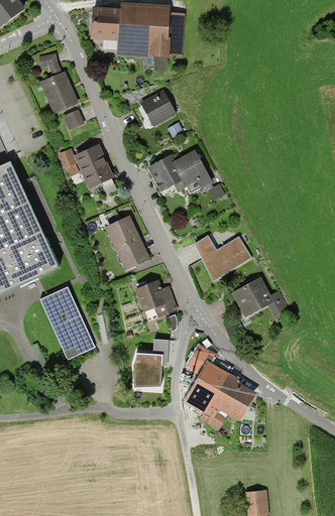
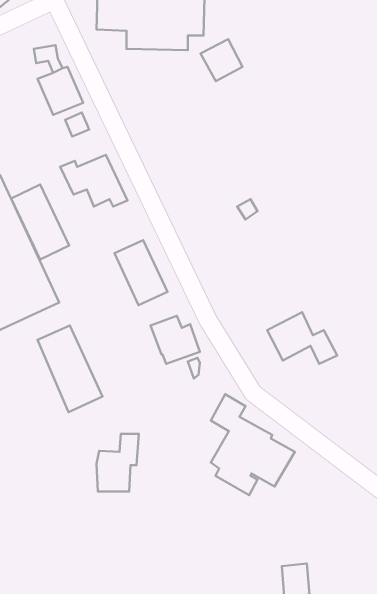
building: [140,89,176,124] -> [200,39,242,81]
building: [143,151,209,195] -> none
building: none -> [11,184,69,259]
building: [192,236,246,278] -> none
building: [133,340,169,388] -> [97,434,139,492]

